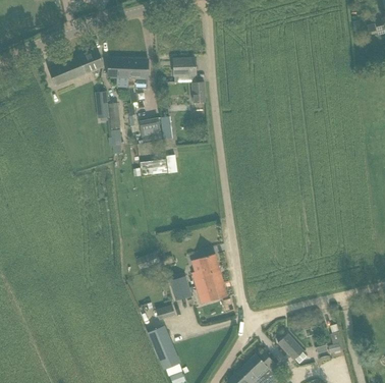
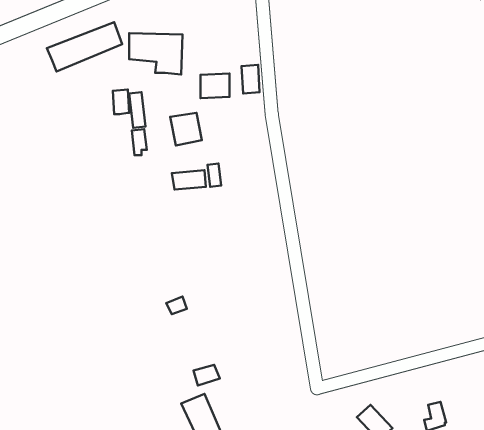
building: [173,58,195,76] -> [201,73,229,98]
building: [191,254,227,304] -> none
building: [169,275,191,300] -> none

